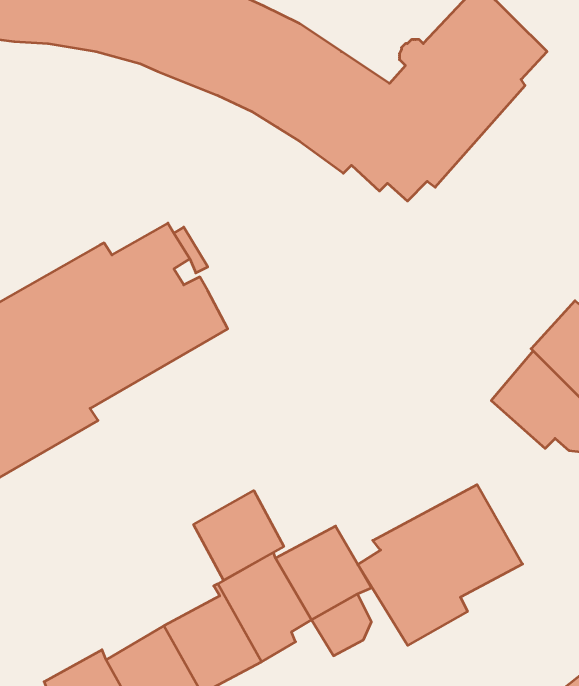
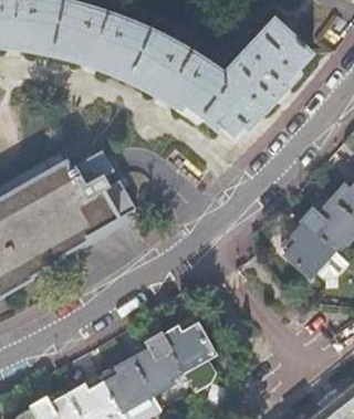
building: [358,485,523,645] -> none
building: [194,491,284,580] -> none

